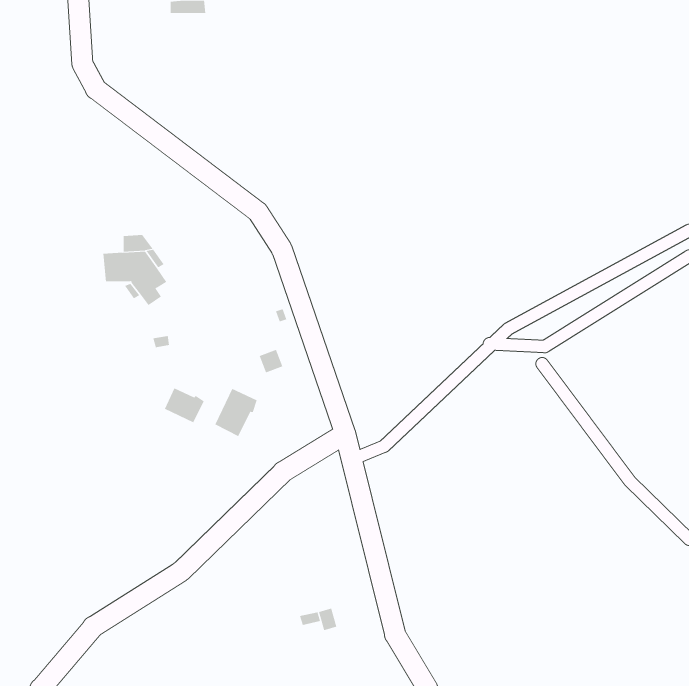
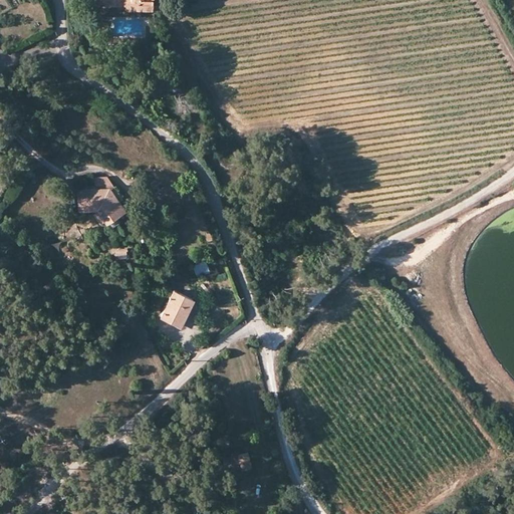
building: [164,388,204,423] -> none

